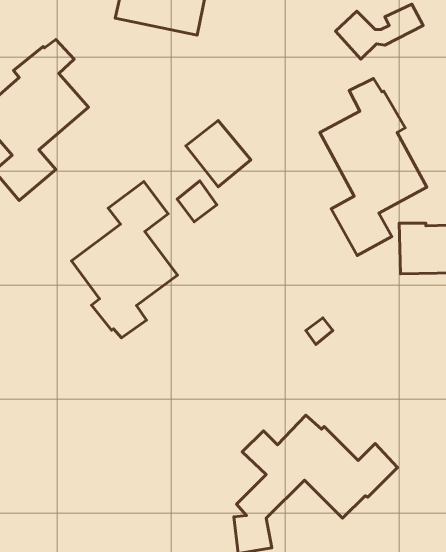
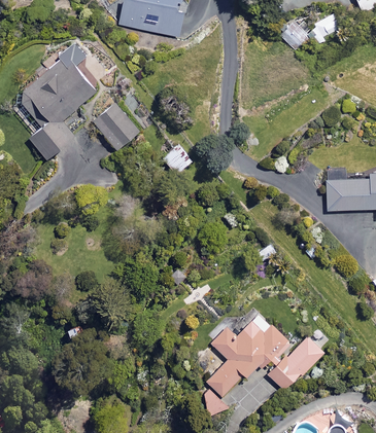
building: [320,79,427,255] -> none
building: [186,120,251,187] -> [95,101,142,149]
building: [71,182,178,338] -> none

